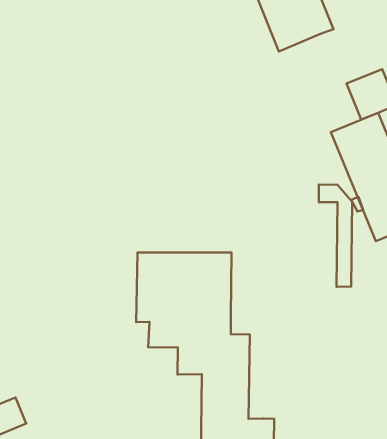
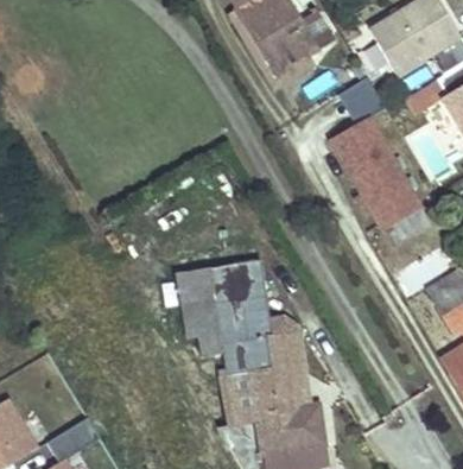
building: [319,185,352,287] -> [267,313,310,404]
building: none -> [223,370,256,425]

